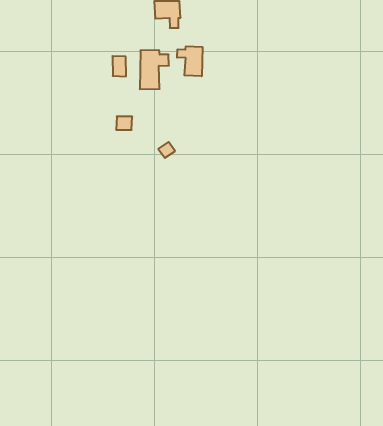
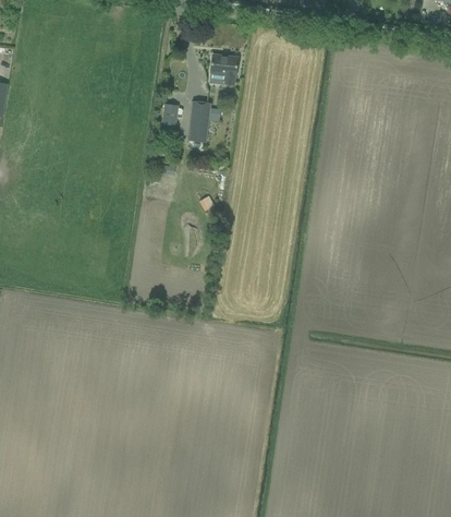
building: [177,46,202,76] -> none

